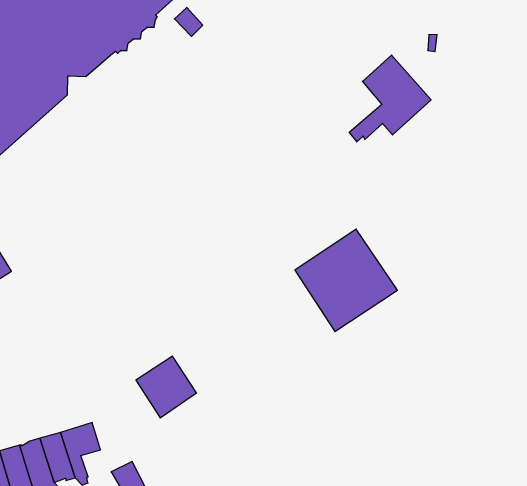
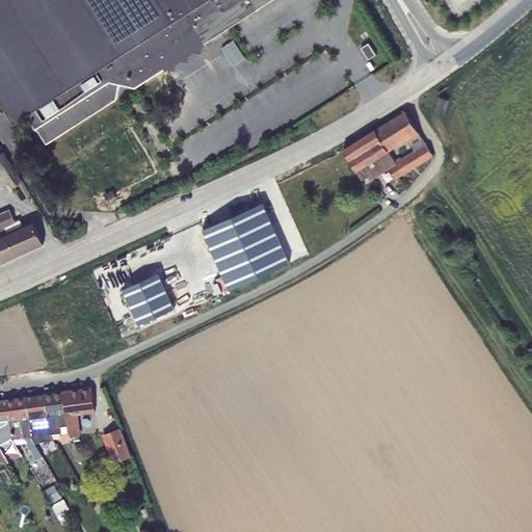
building: none -> [340,129,387,171]
building: [295,229,397,332] -> [201,203,287,289]
building: [136,356,197,418] -> [121,272,171,324]

